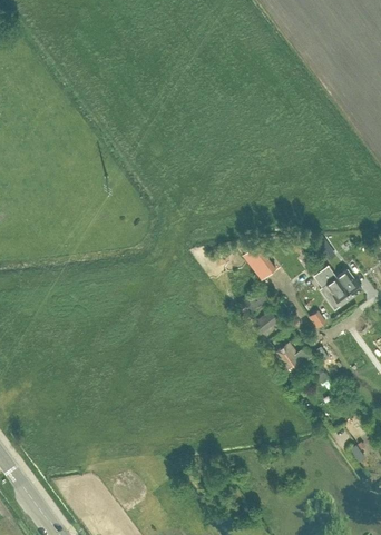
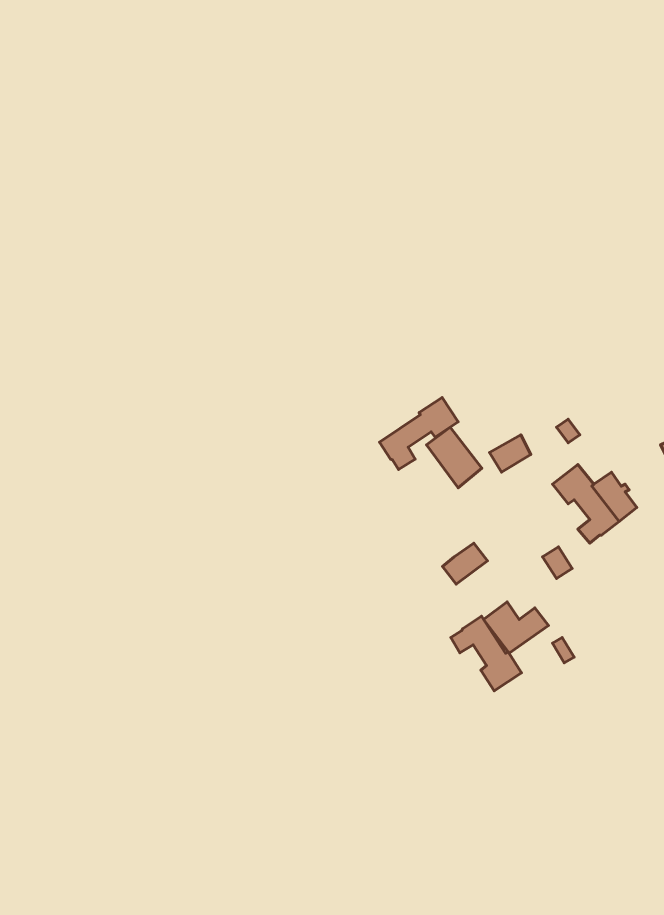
building: none -> [380,397,458,469]
building: none -> [451,616,521,691]

